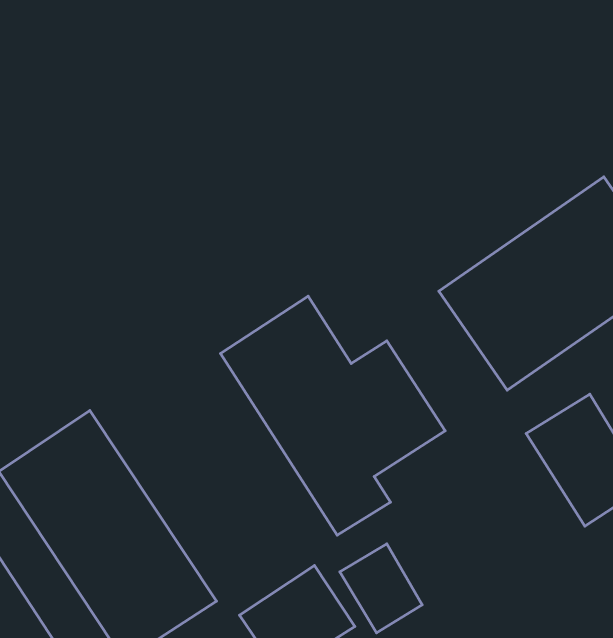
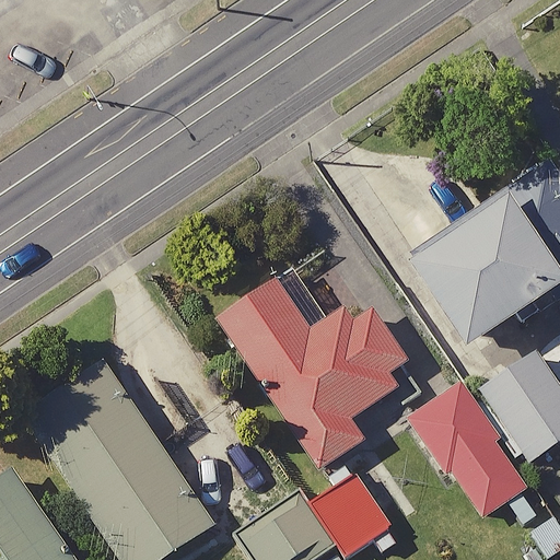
building: none -> [418,390,527,517]

